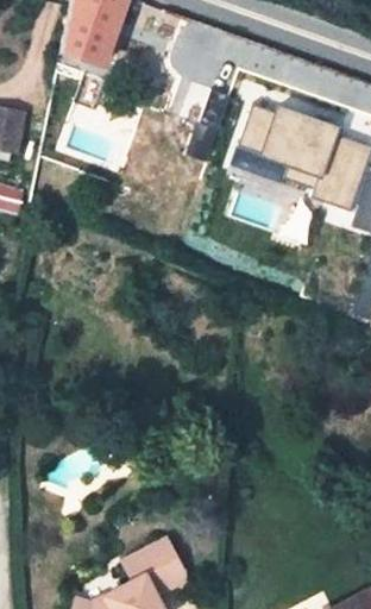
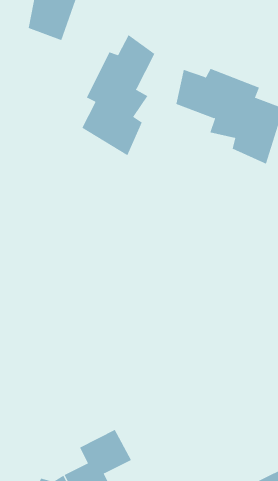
building: none -> [81,34,155,156]

